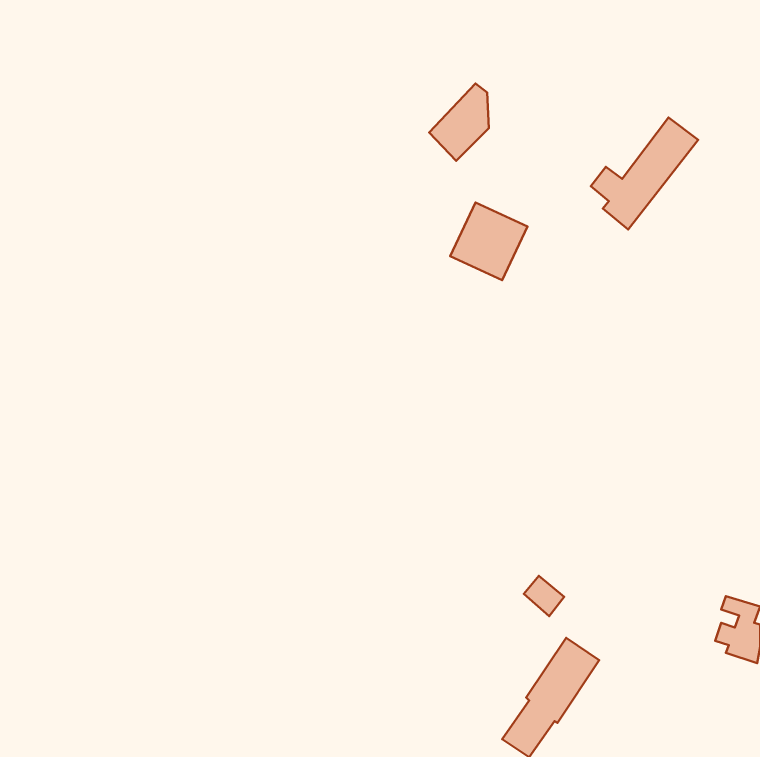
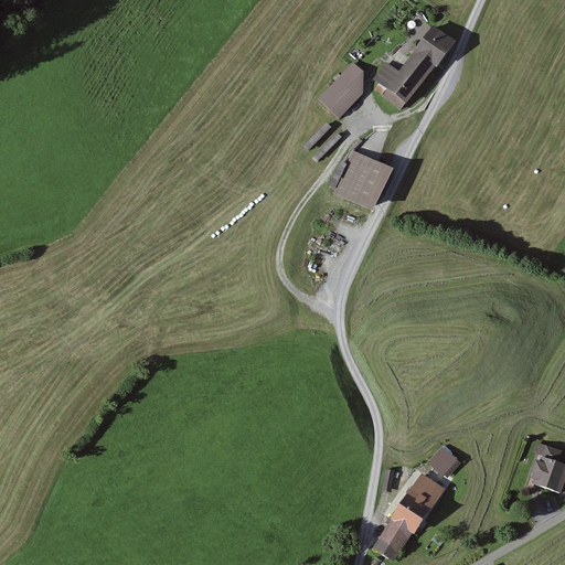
building: [591,118,698,229] -> [374,25,454,108]
building: [524,576,564,616] -> [429,447,459,477]

